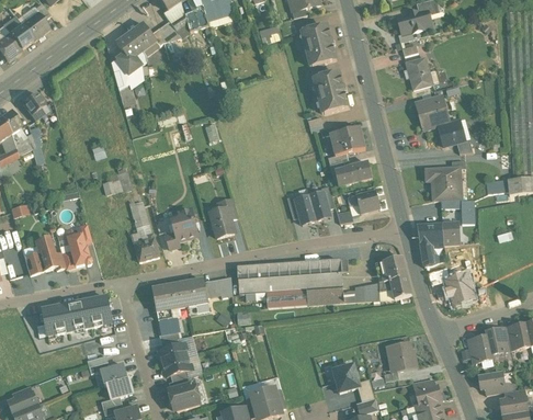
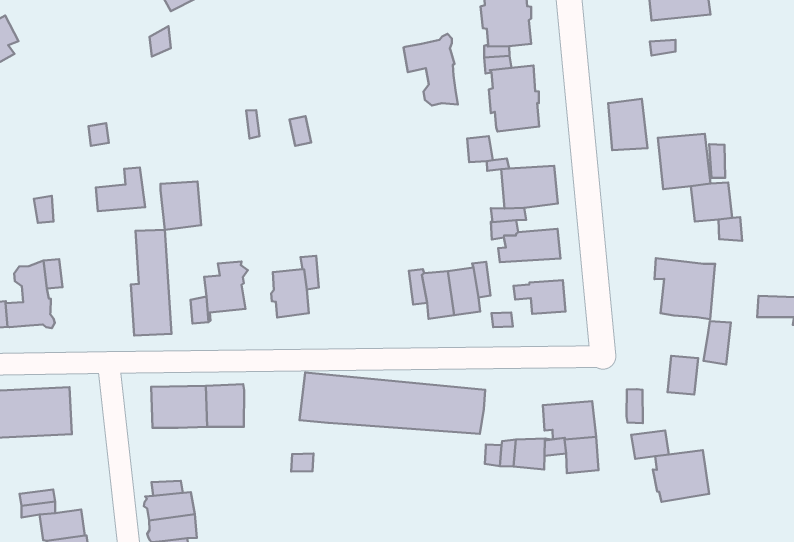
building: [406,56,432,88] -> [608,99,647,150]
building: none -> [403,34,458,105]
building: none -> [160,181,201,230]
building: [418,223,443,246] -> none
building: [204,276,231,296] -> none
building: [265,284,343,306] -> none
building: [156,308,180,334] -> none

